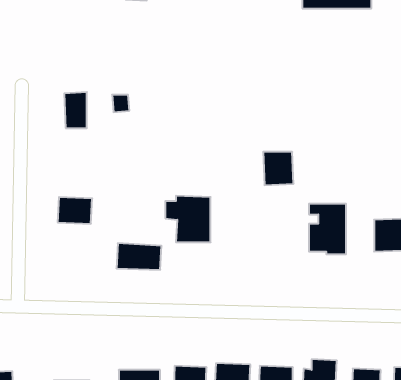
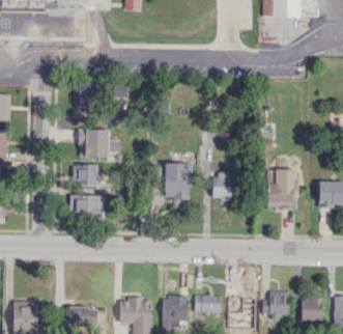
building: [263,152,294,185] -> [212,173,236,199]
building: none -> [79,129,109,157]
building: [116,243,162,270] -> [69,194,105,215]

